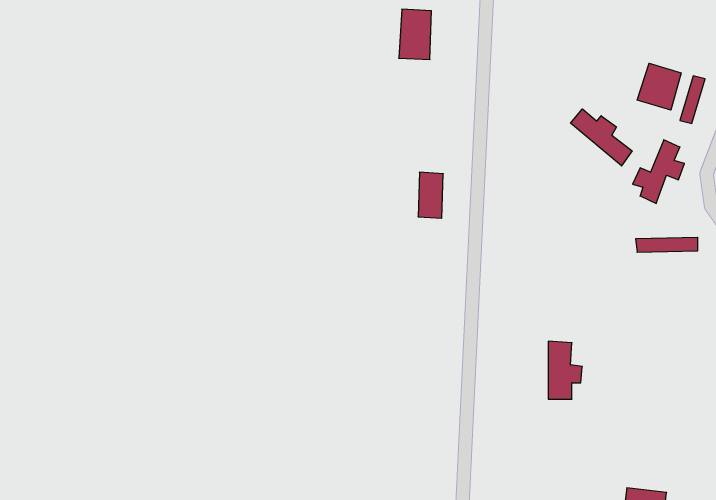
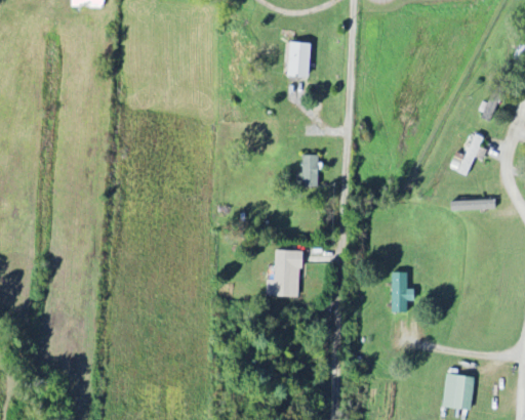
building: [637,63,681,110] -> none
building: [571,109,632,166] -> none
building: none -> [265,250,302,296]

